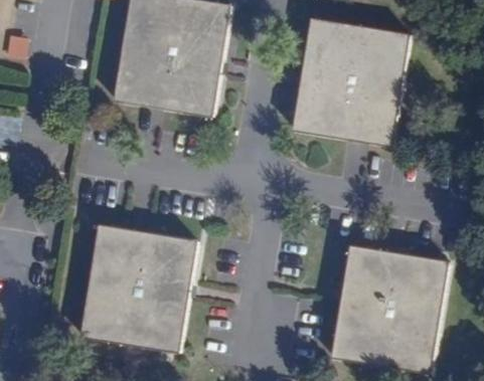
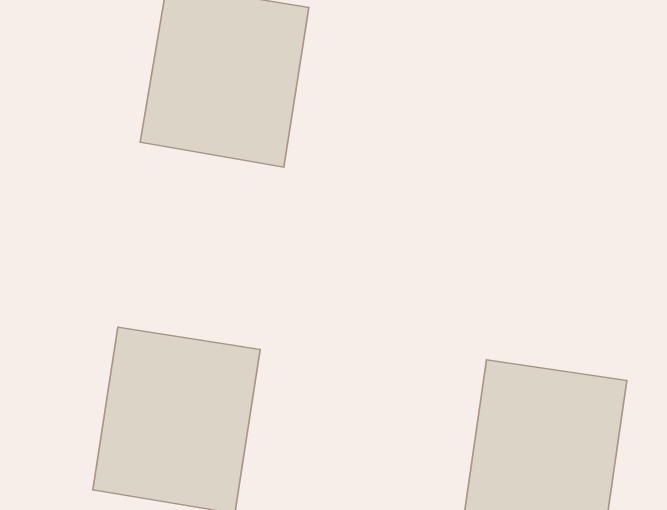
building: [293,20,409,147] -> none

